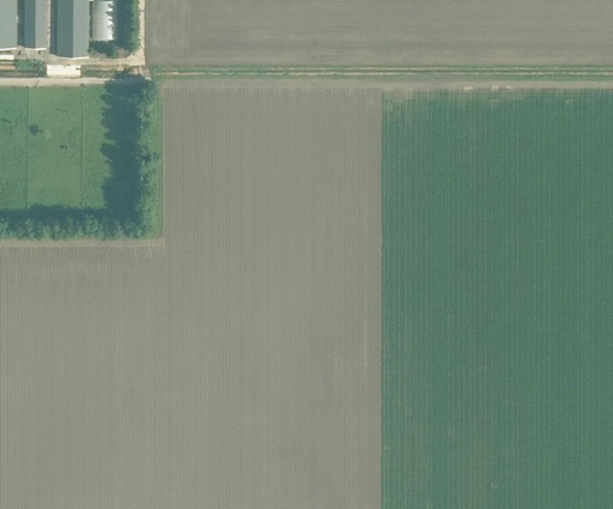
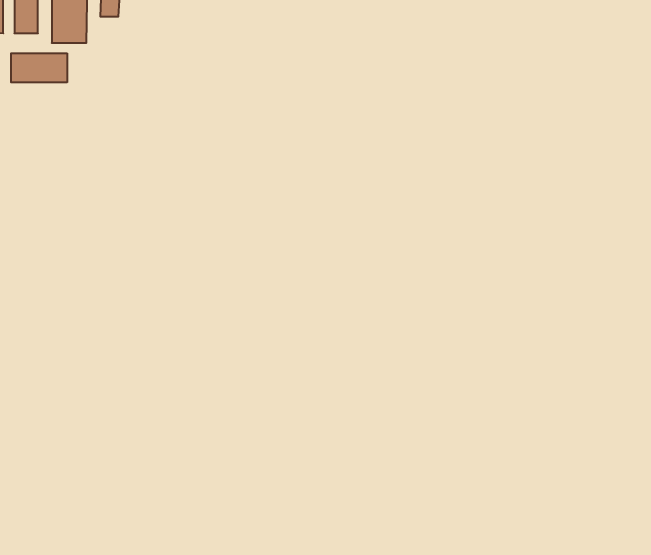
building: none -> [11,53,67,82]

